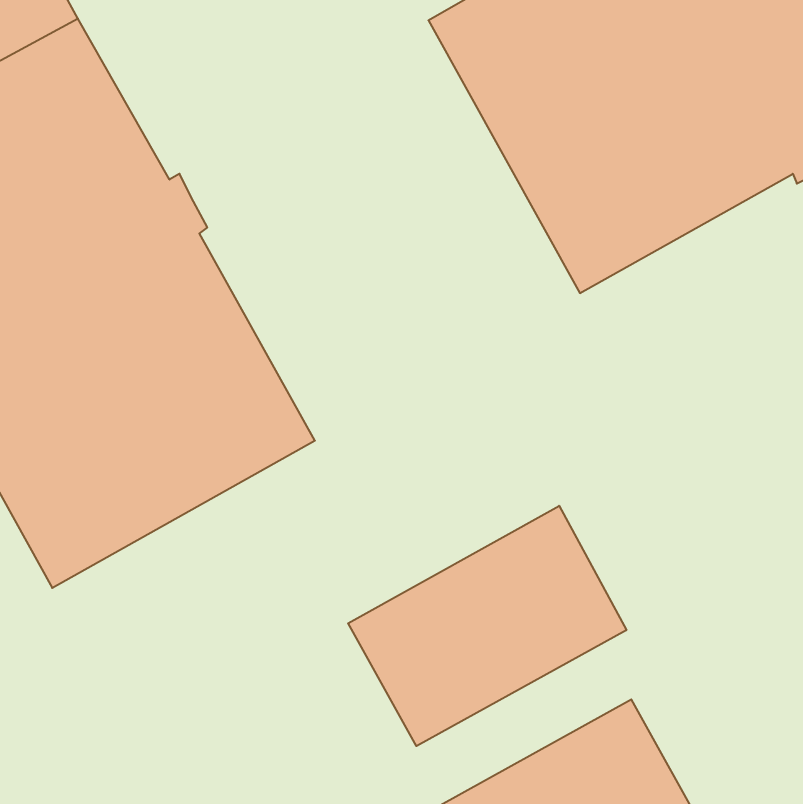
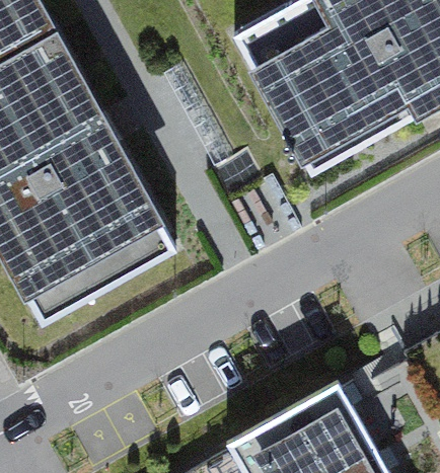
building: [348,506,626,746] -> none

